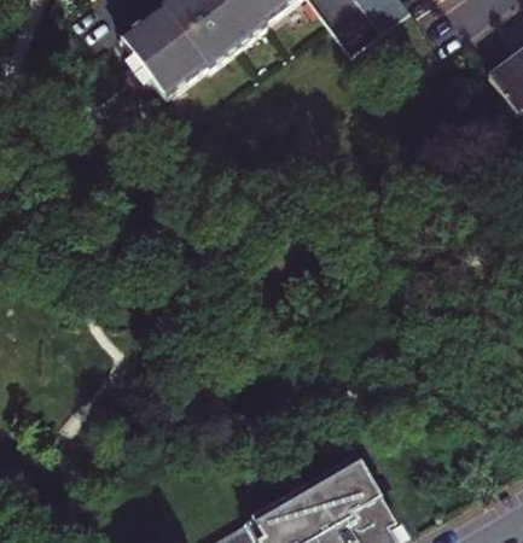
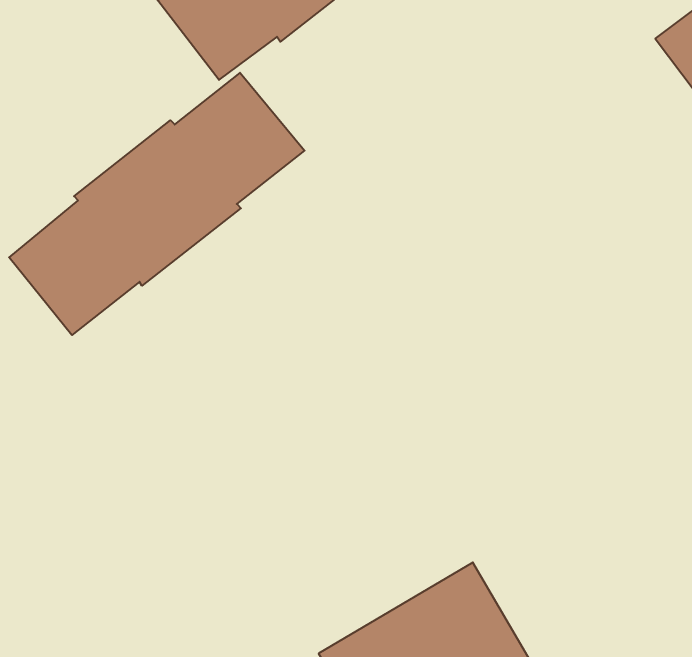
building: none -> [9,73,305,335]

